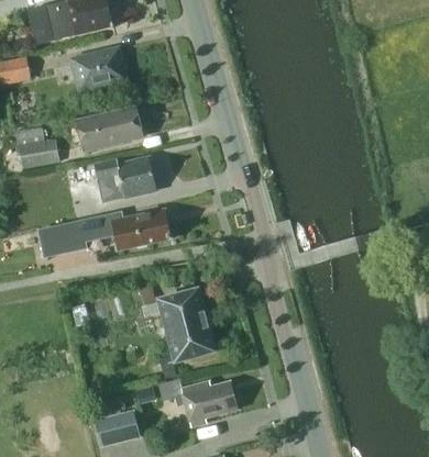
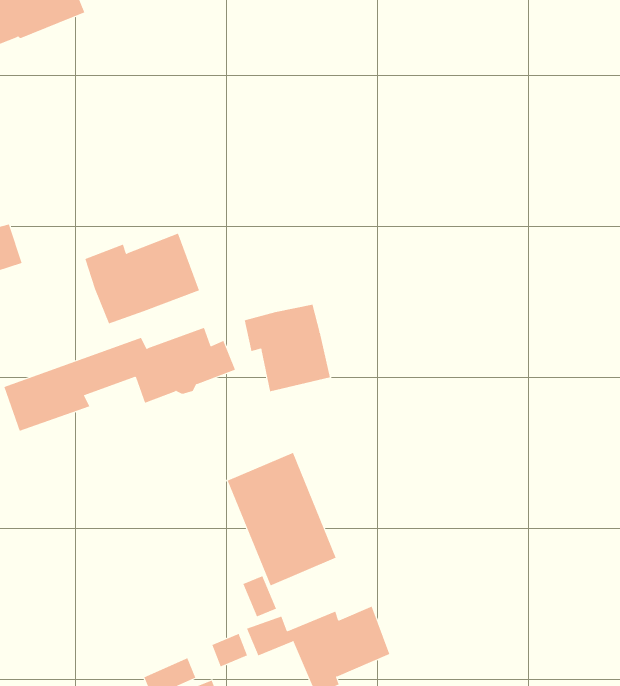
building: [72,47,128,90] -> none
building: [78,107,142,149] -> none
building: none -> [244,304,330,392]

